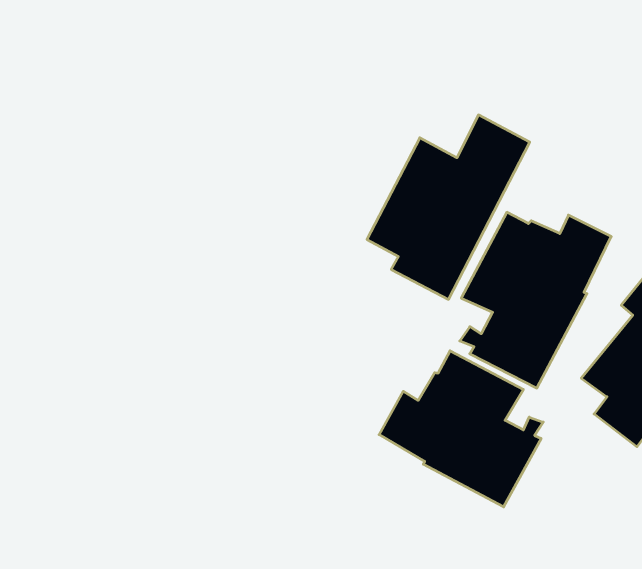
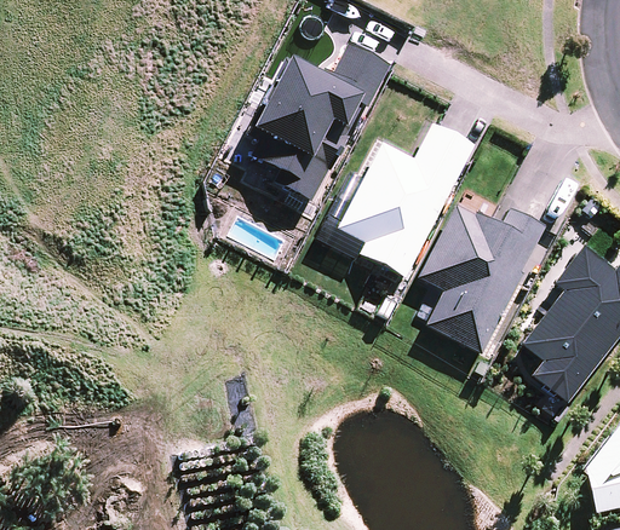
building: none -> [247,42,391,202]
building: [379,351,543,507] -> none

